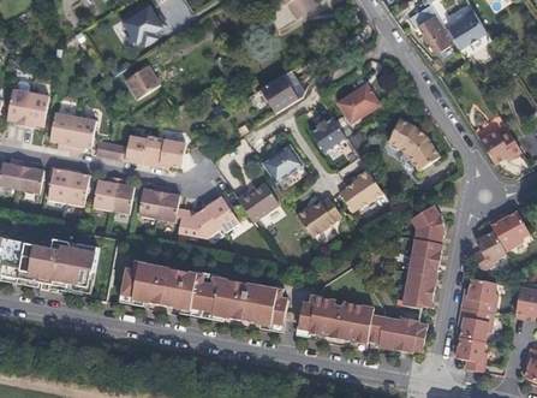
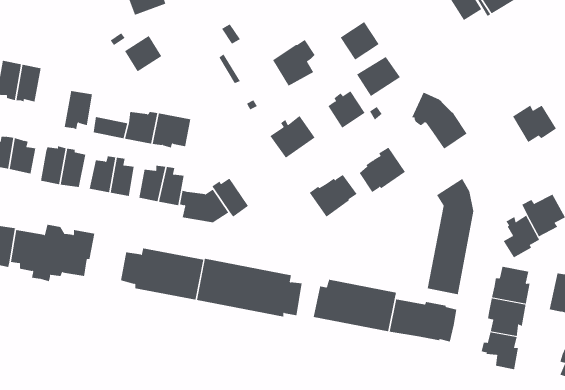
building: none -> [340,21,379,61]
building: [49,113,74,150] -> none
building: [237,184,278,221] -> none

